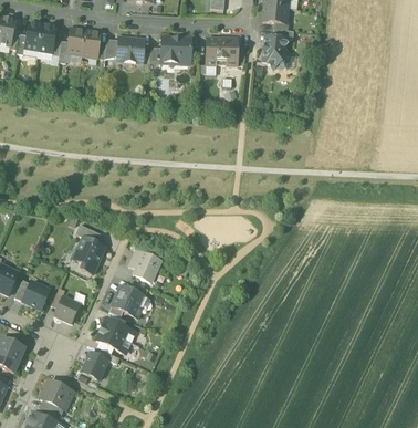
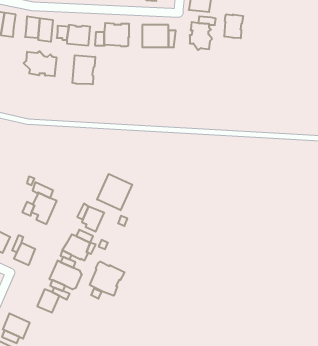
building: none -> [224,14,243,38]
building: none -> [24,51,56,76]
building: none -> [72,55,95,84]
building: none -> [97,174,132,210]
building: none -> [90,262,124,296]

